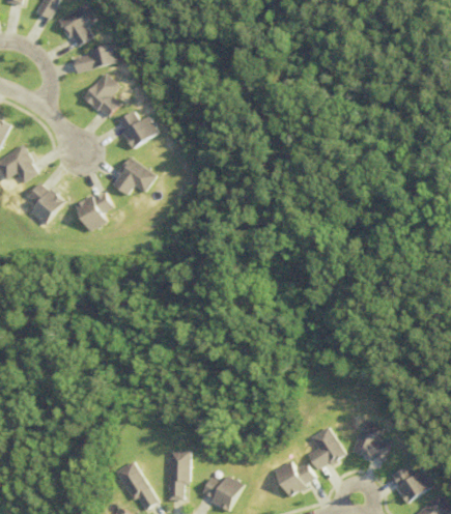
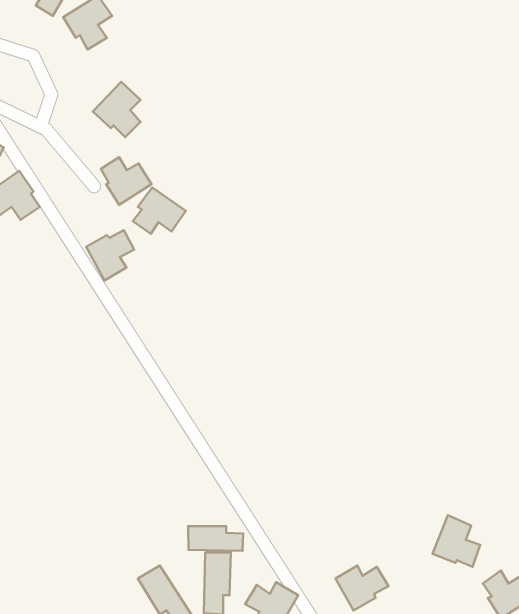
building: [72,42,119,74] -> none
building: [116,111,157,149] -> [101,157,151,205]
building: [27,182,65,225] -> none
building: [308,427,346,470] -> none
building: none -> [188,526,243,551]

